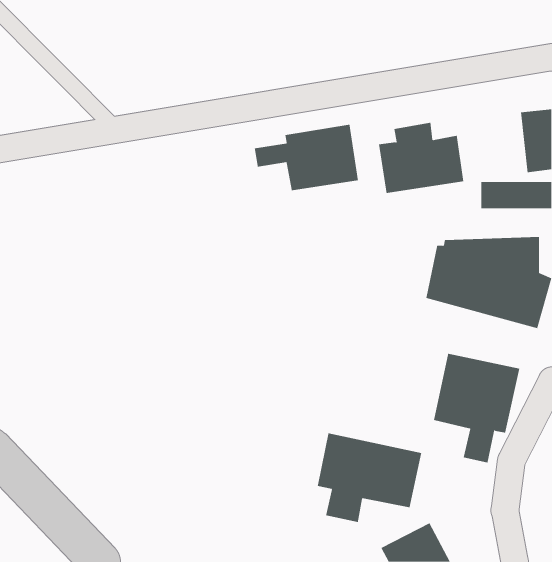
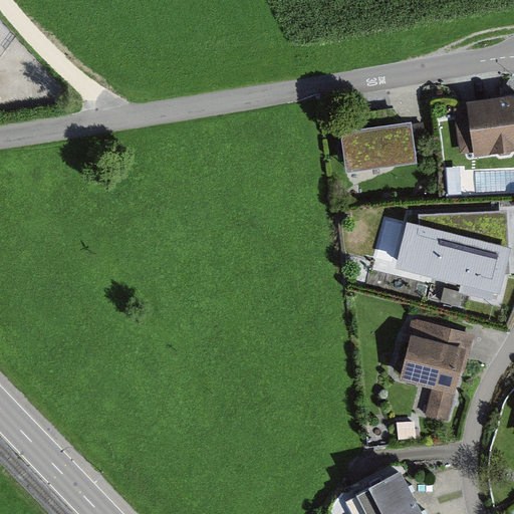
building: [254,124,359,191] -> none
building: [317,433,422,523] -> none

